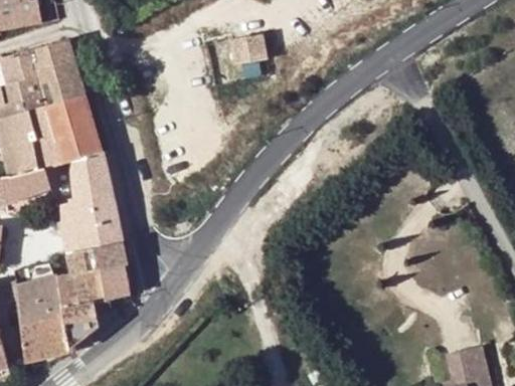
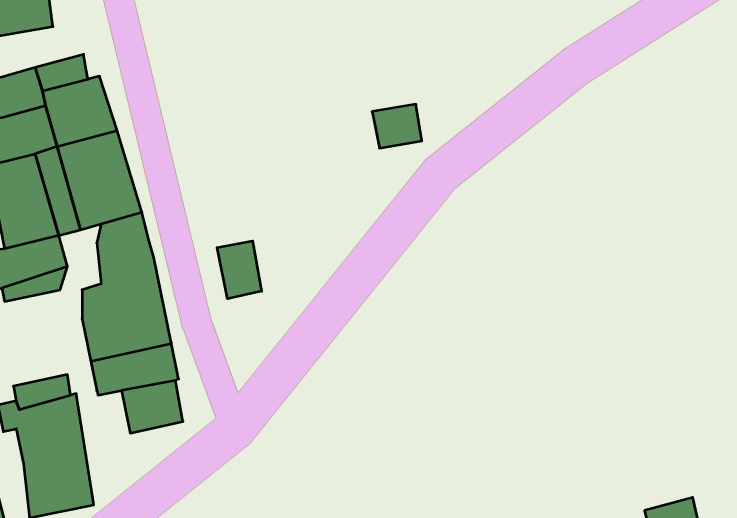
building: [231,33,266,63] -> [372,104,422,148]
building: none -> [217,241,262,299]
building: [56,273,100,352] -> none

